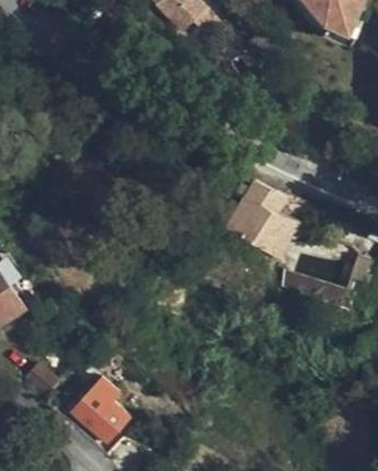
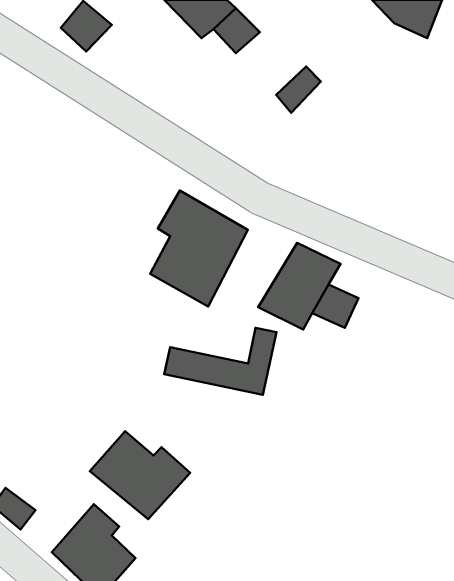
building: none -> [150,190,248,307]
building: [277,254,360,304] -> [164,328,276,395]
building: none -> [90,431,190,519]

